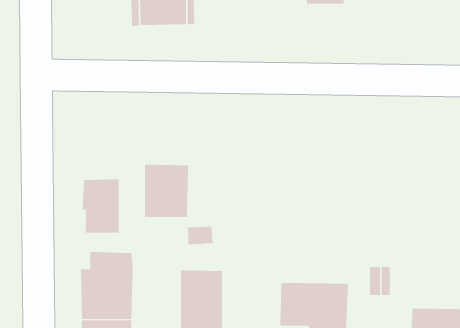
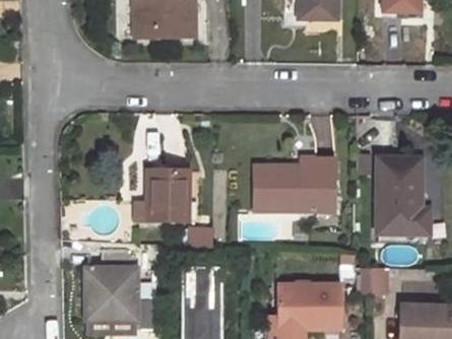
building: none -> [255,153,336,211]
building: none -> [375,157,429,232]
building: [82,178,119,234] -> none

